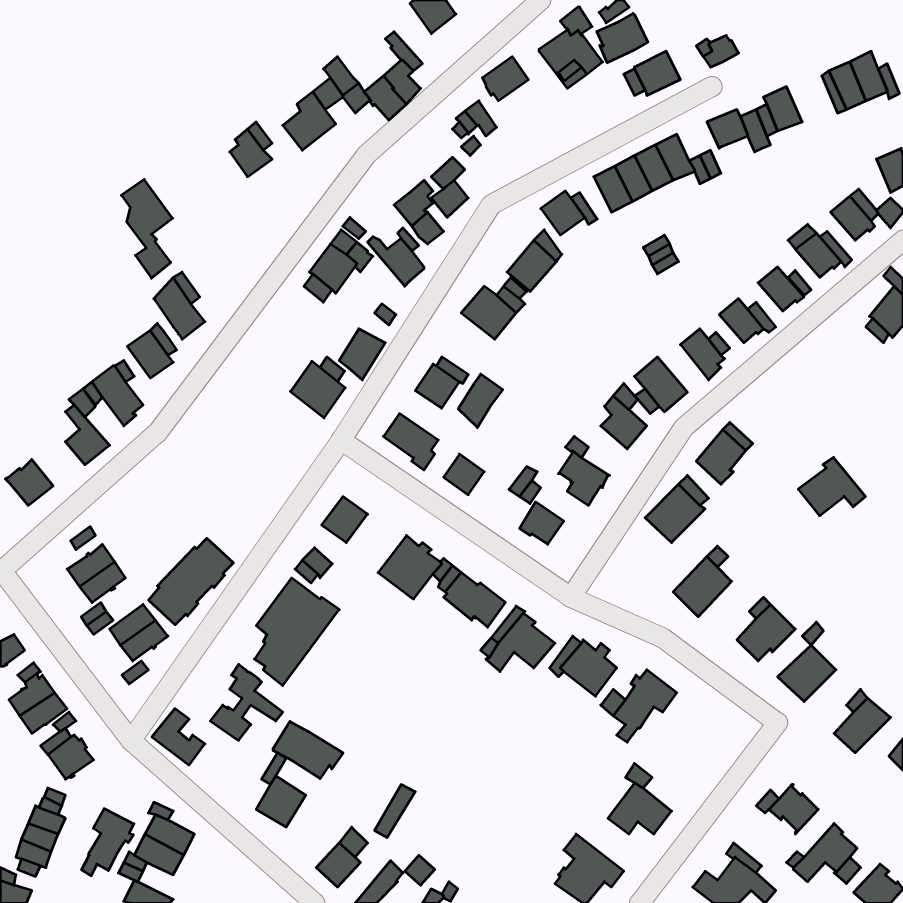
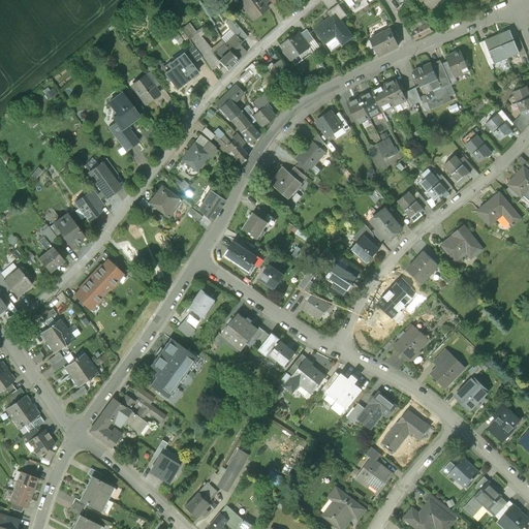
building: [597,13,648,63] -> none
building: none -> [422,80,452,110]
building: none -> [216,85,243,120]
building: [121,179,173,278] -> [108,93,138,151]
building: none -> [477,193,521,225]
building: [290,361,345,418] -> [149,185,181,218]
building: [458,374,503,428] -> none
building: [798,457,865,516] -> [442,226,481,260]
building: [149,538,233,625] -> [73,259,123,310]
building: none -> [102,396,133,425]
building: none -> [383,411,430,449]
building: [273,721,343,779] -> none
building: [82,809,134,876] -> none

